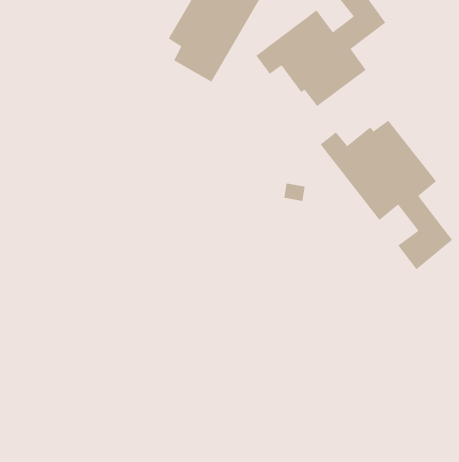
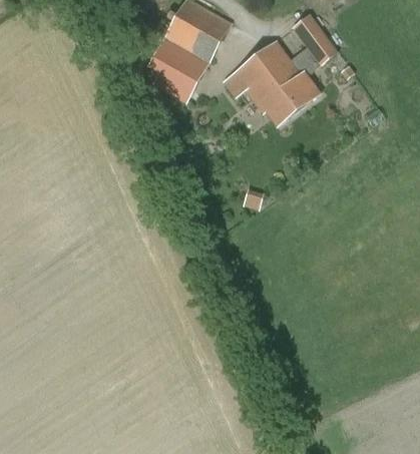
building: [320,120,453,270] -> none

